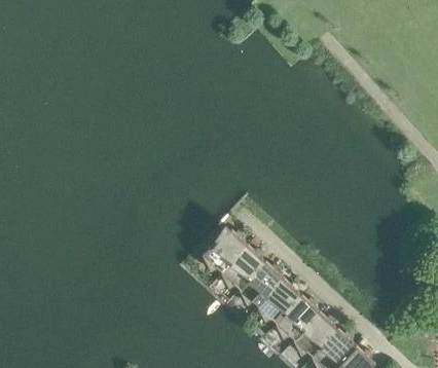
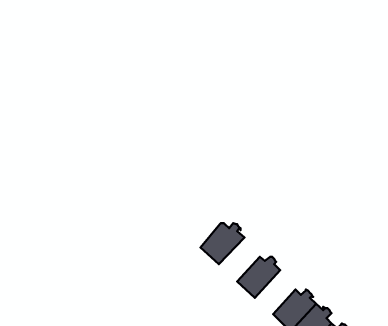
building: [234,260,276,304] -> none
building: [270,293,312,337] -> none

